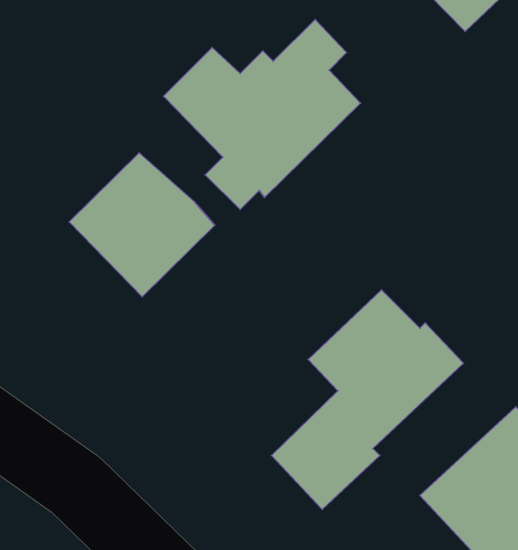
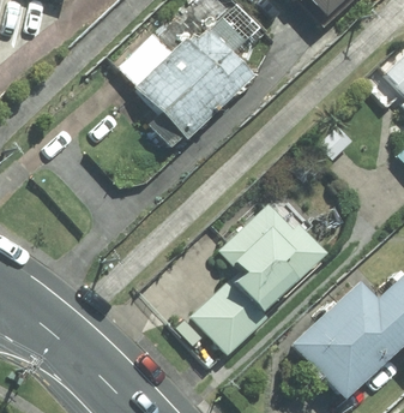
building: [69,153,215,297] -> none

